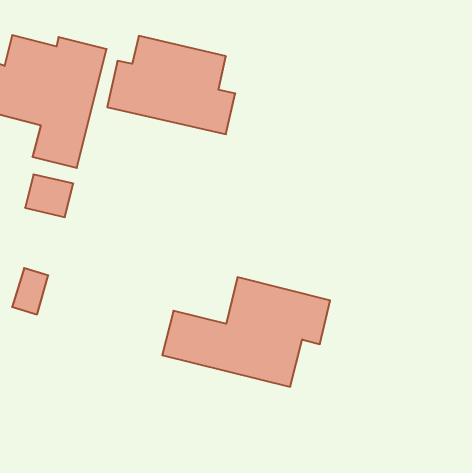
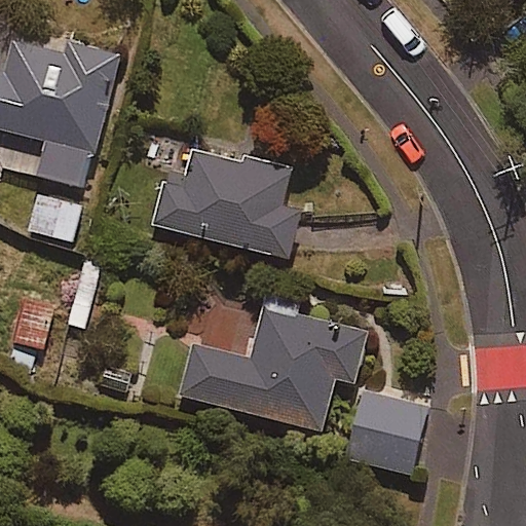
building: [107,36,235,134] -> [157,147,299,256]
building: none -> [344,389,427,475]

